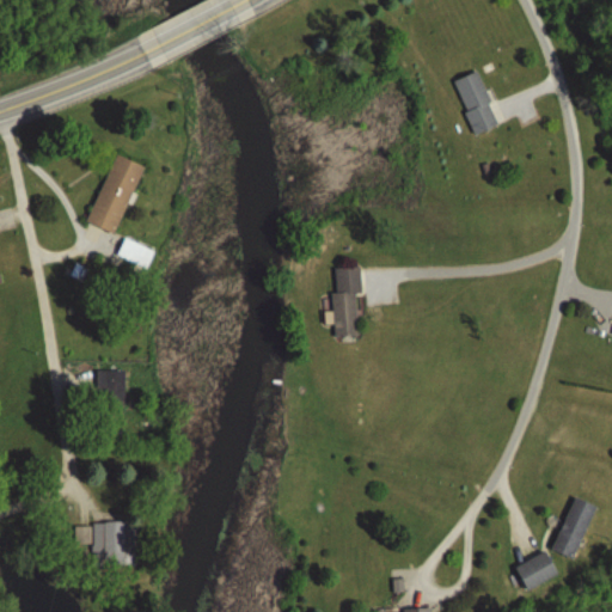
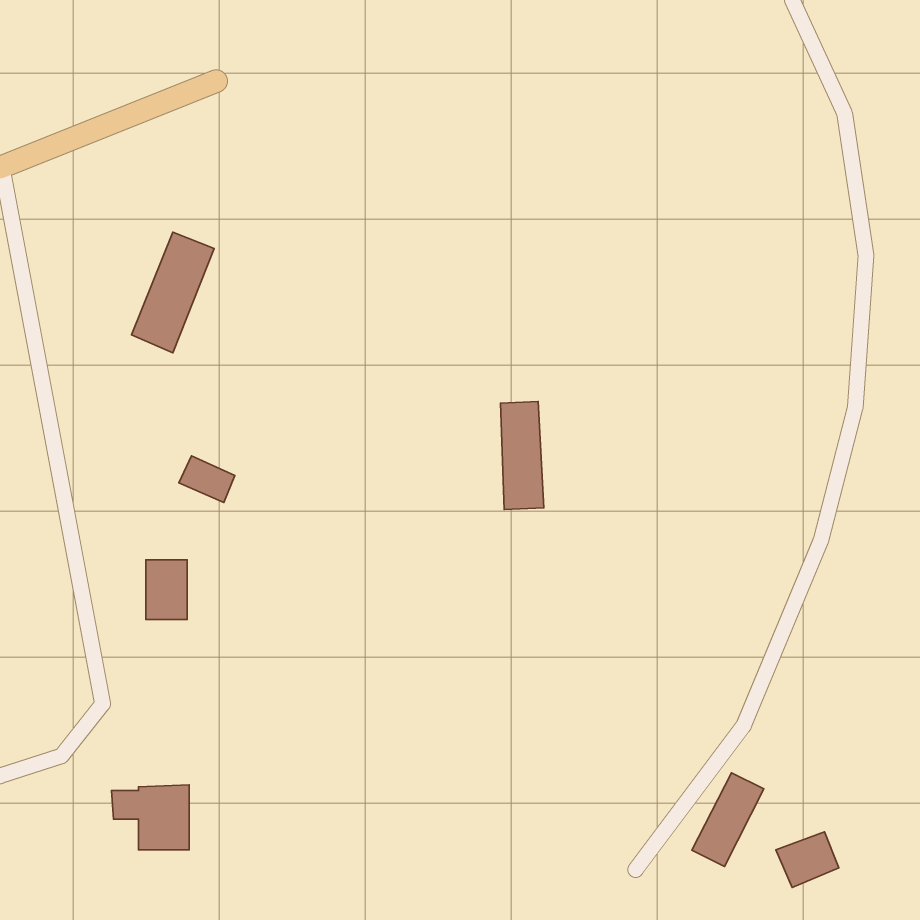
building: [453,71,500,134] -> none
building: [116,238,153,269] -> [179,456,235,503]
building: [550,496,598,558] -> [692,773,764,866]

